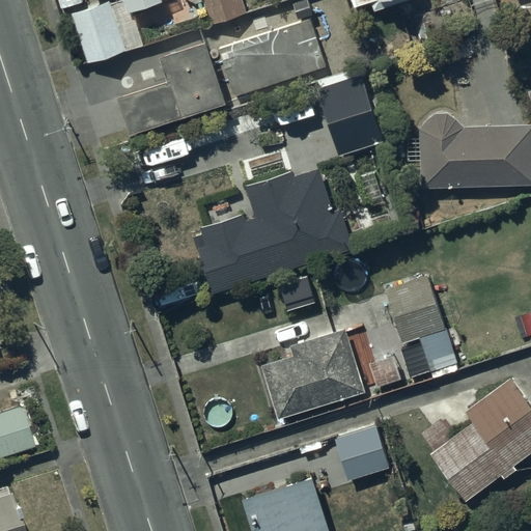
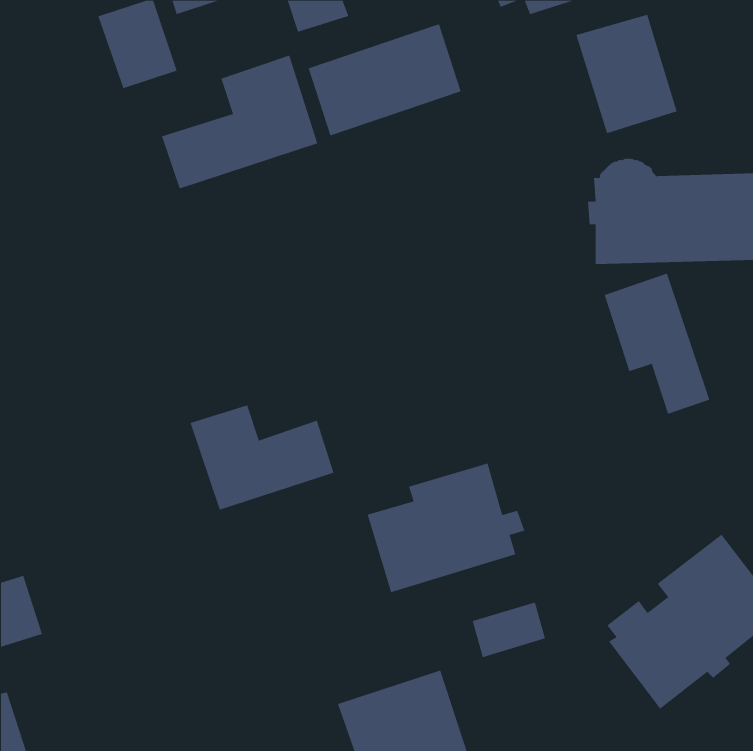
building: [313,76,385,160] -> [575,14,677,134]
building: [192,170,354,295] -> none
building: [384,274,458,373] -> [604,273,710,415]
building: none -> [190,405,334,510]

